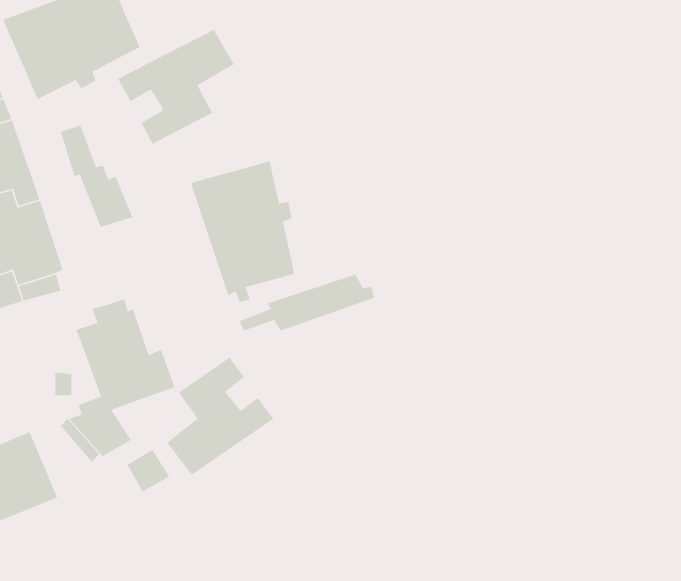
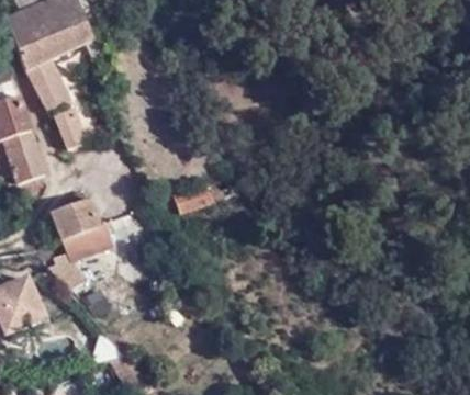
building: [117,29,235,145] -> none
building: [190,160,295,303] -> none
building: [166,356,274,476] -> none

